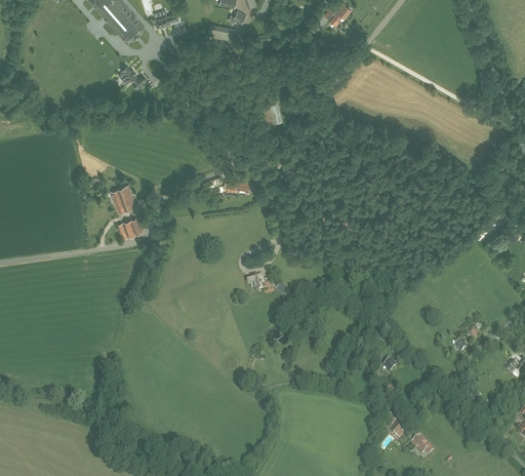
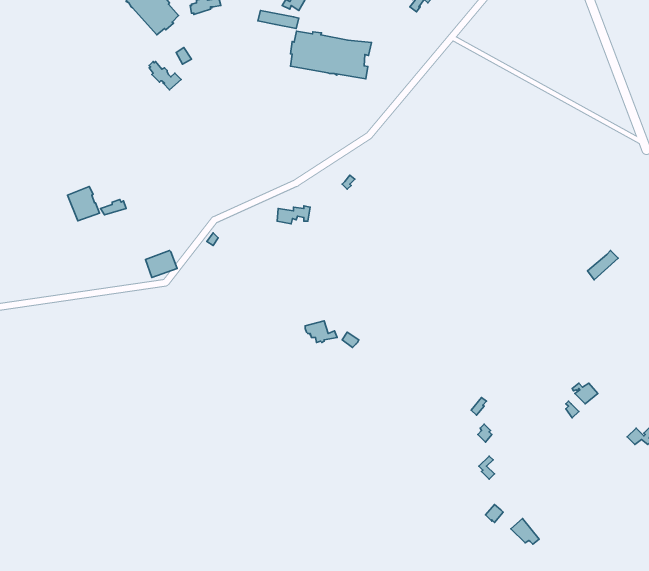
building: none -> [290,31,371,79]
building: [111,184,136,211] -> [68,186,99,221]

